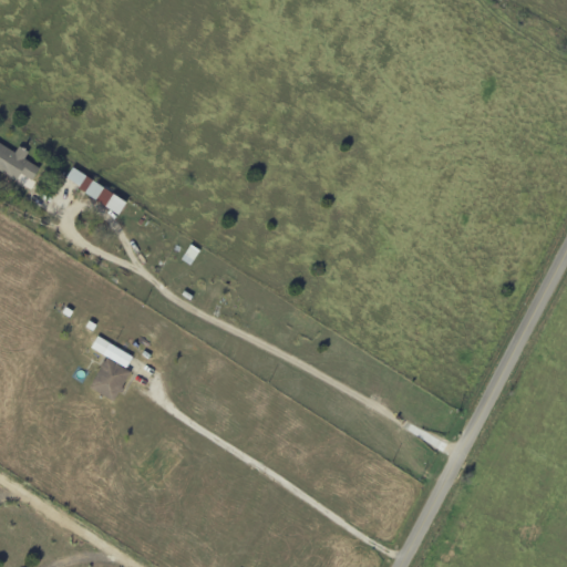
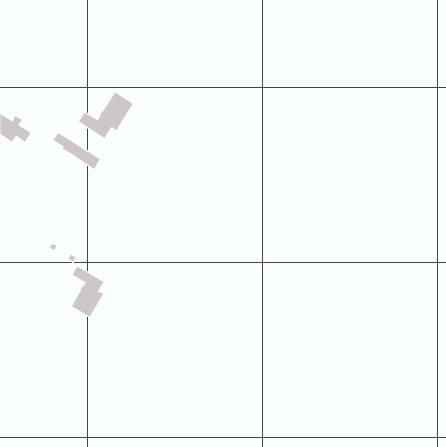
building: none -> [78,92,134,139]

